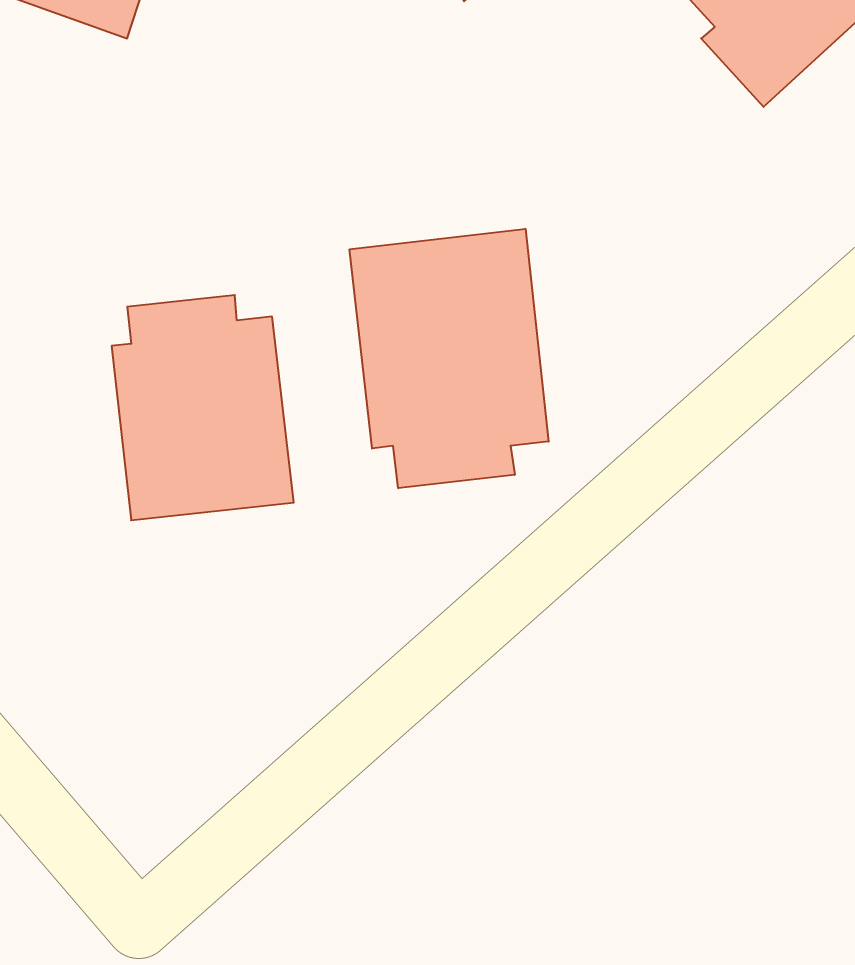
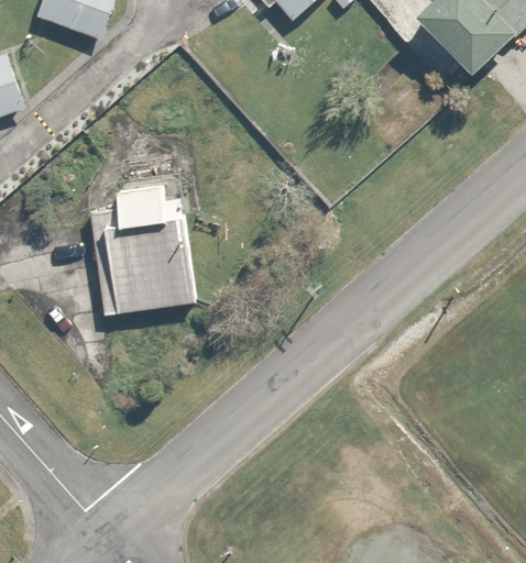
building: [350,229,549,488] -> none

